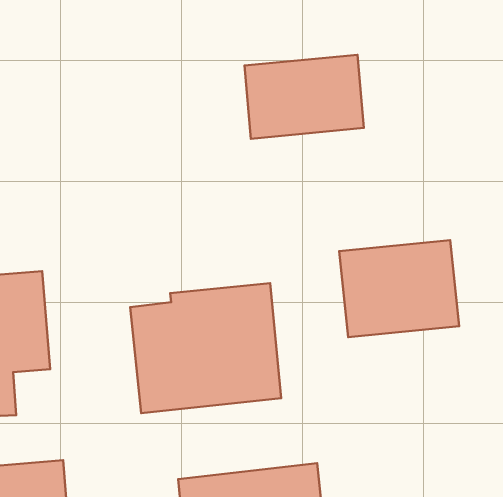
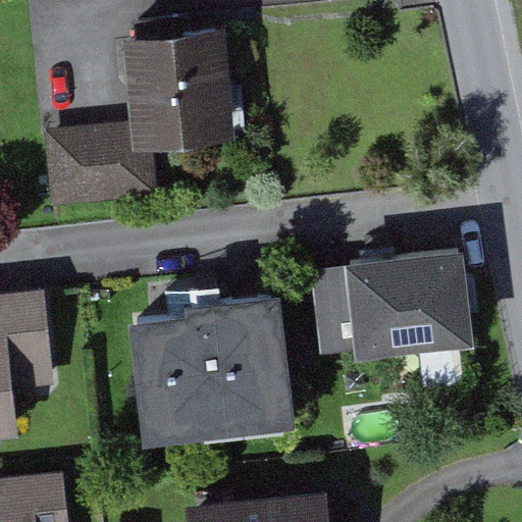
building: none -> [46,21,234,211]
building: [244,55,364,139] -> none

